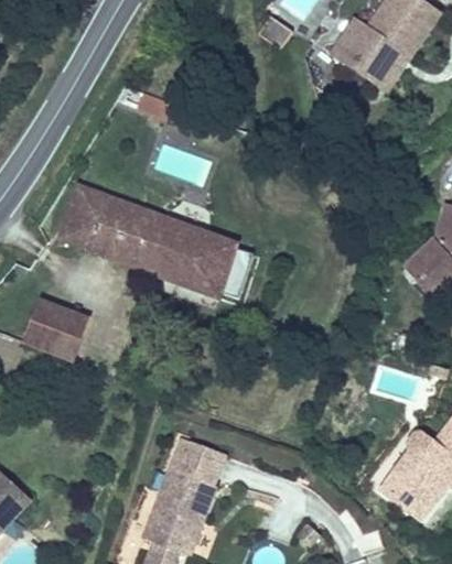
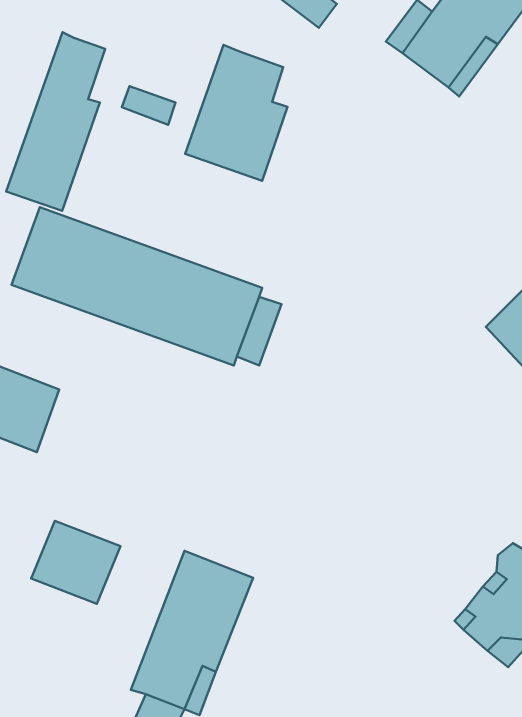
building: none -> [6,32,105,211]
building: none -> [185,45,288,181]
building: none -> [31,521,121,604]

